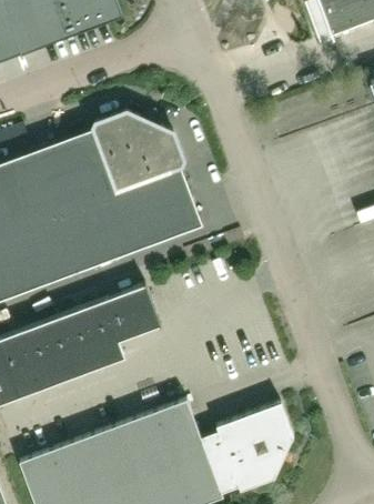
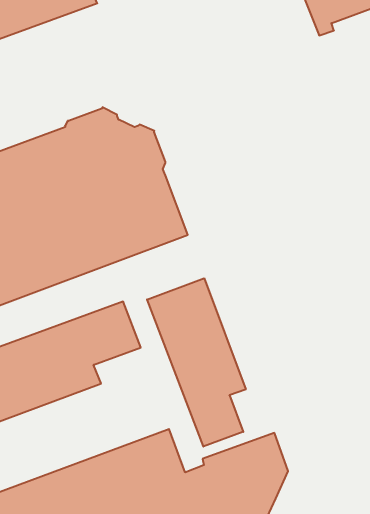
building: none -> [147,278,246,447]

